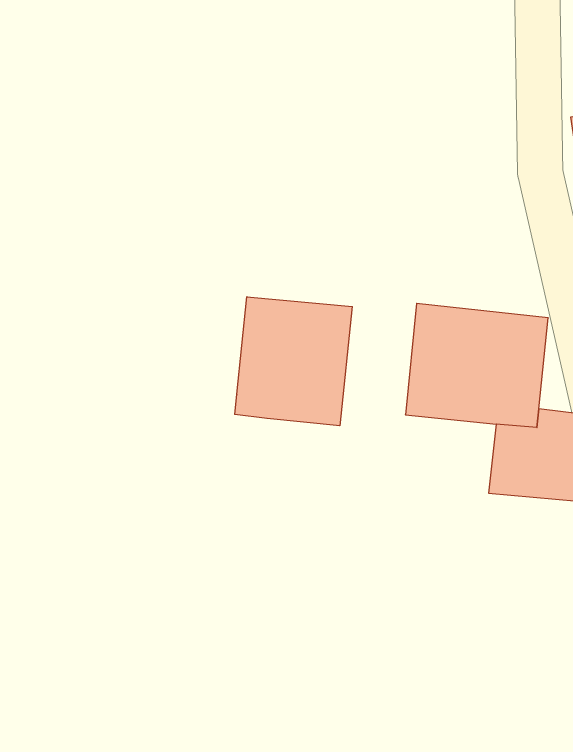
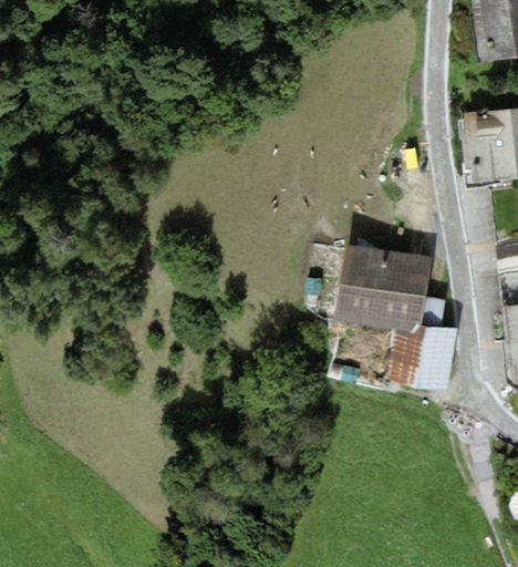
building: [235,297,352,426] -> none

